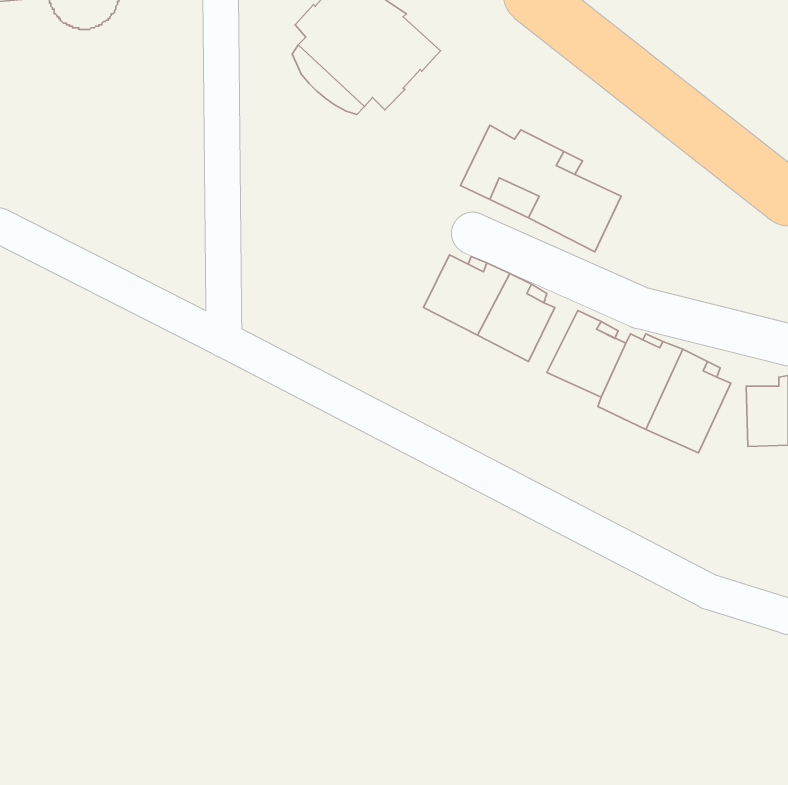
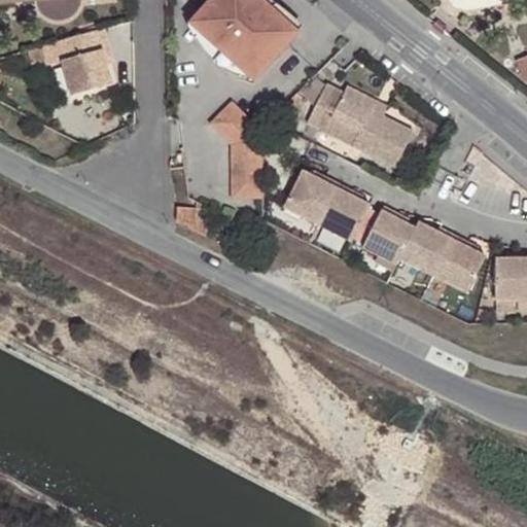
building: none -> [51,26,109,92]
building: none -> [209,104,264,202]

